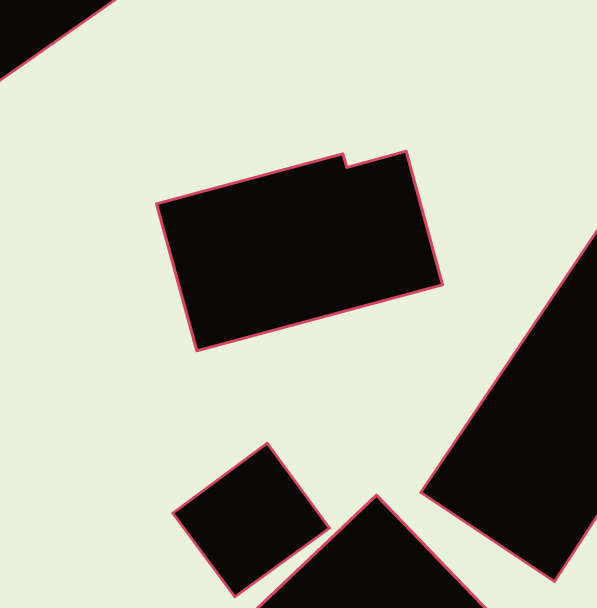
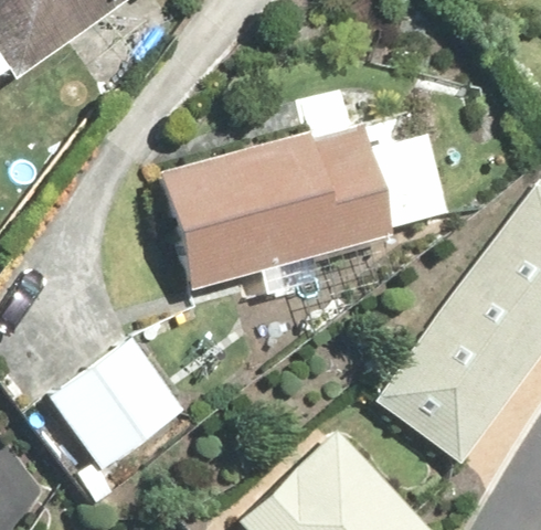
building: [173,443,329,597] -> [47,335,176,460]

